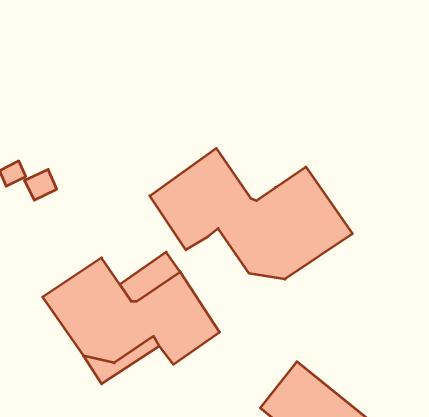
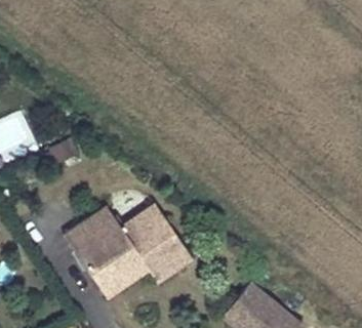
building: [150,148,352,279] -> none

